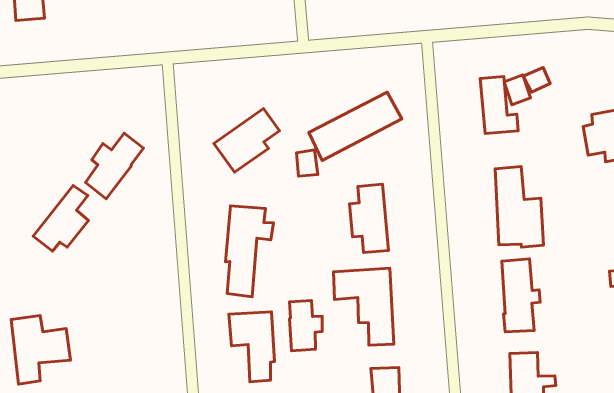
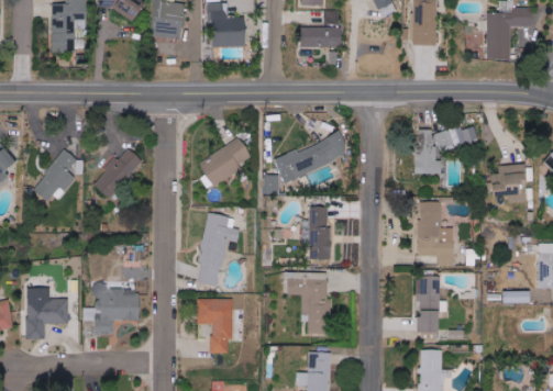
building: [33,186,89,251] -> [31,150,77,201]
building: [289,300,322,351] -> none
building: none -> [96,290,141,335]

